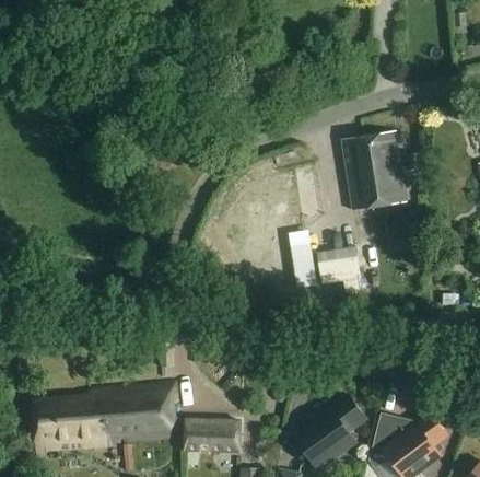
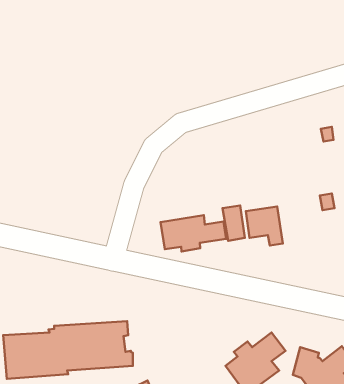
building: [343,130,407,210] -> none
building: none -> [160,215,226,251]
building: [184,420,241,452] -> none

